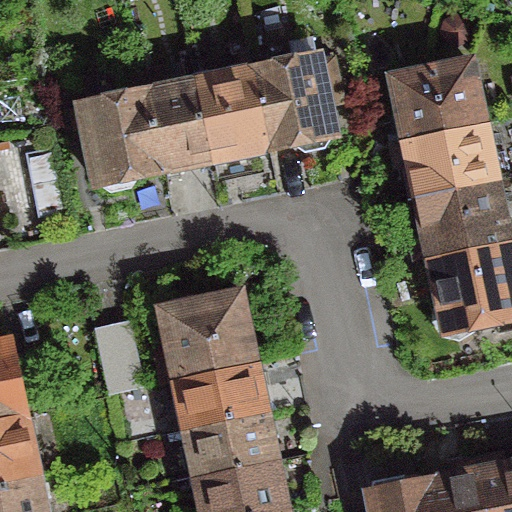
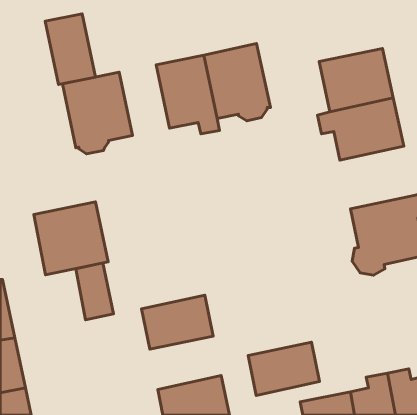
building: [149,79,210,165] -> [45,14,95,85]
building: [410,178,507,257] -> none
building: none -> [34,202,108,275]
building: [157,291,253,378] -> none
building: [186,409,273,474] -> [248,342,320,396]

